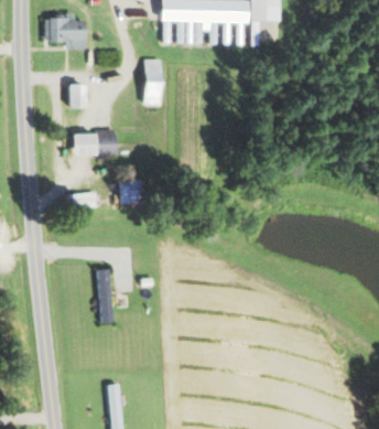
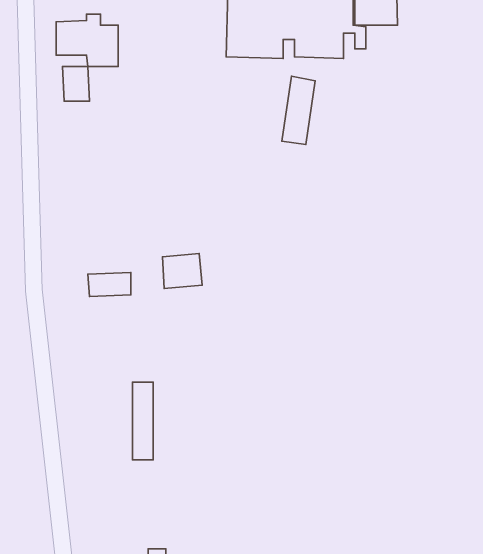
building: [142,57,165,105] -> [282,76,315,144]
building: [71,83,89,107] -> [63,66,90,101]
building: [74,130,117,154] -> none

